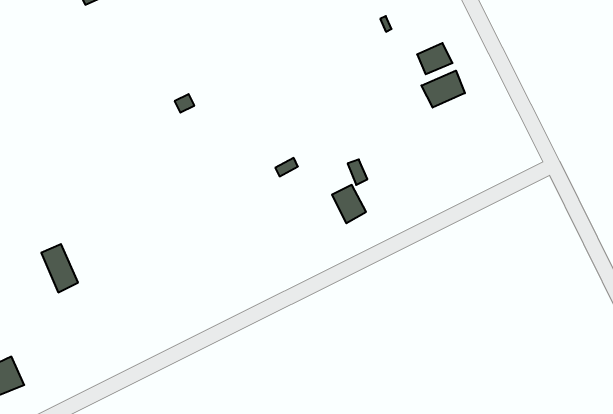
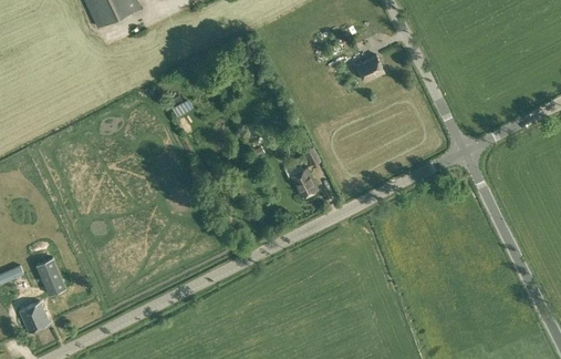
building: [421,71,465,108] -> none
building: [41,244,78,292] -> [37,258,65,296]

